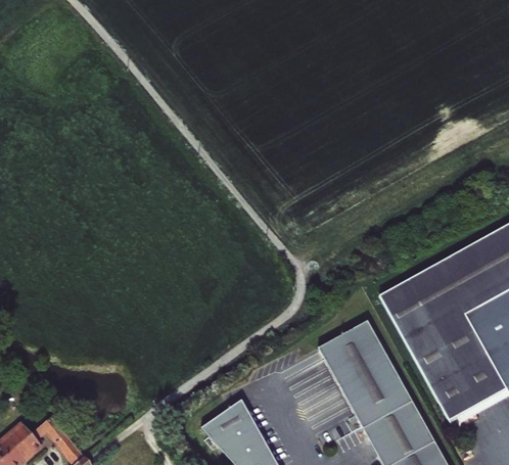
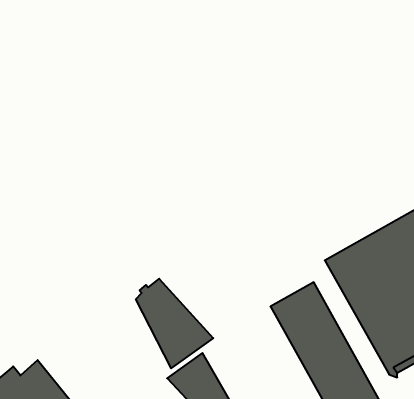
building: none -> [136,279,213,368]

